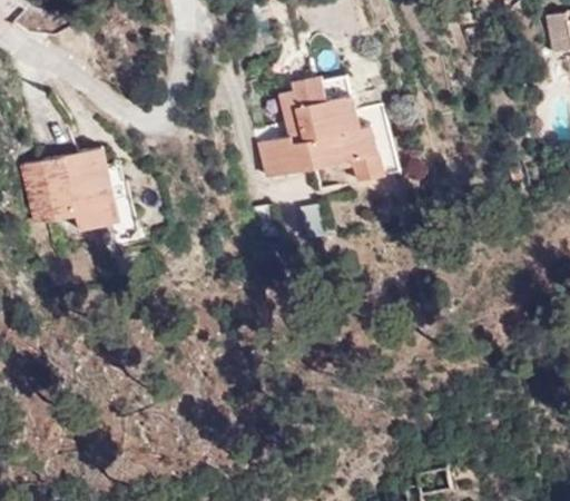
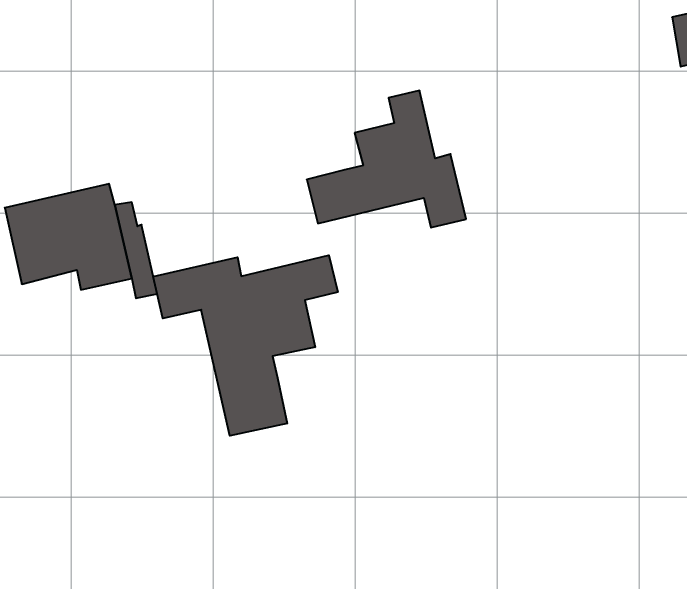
building: [277,75,326,136] -> none
building: none -> [153,255,338,436]

